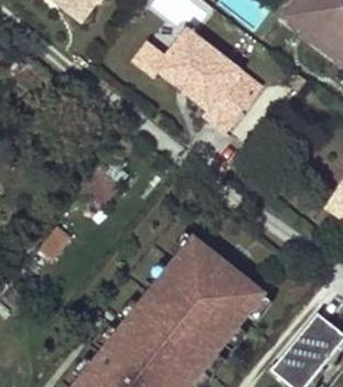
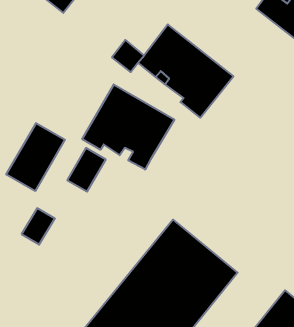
building: none -> [82,84,174,170]
building: none -> [6,123,65,191]

